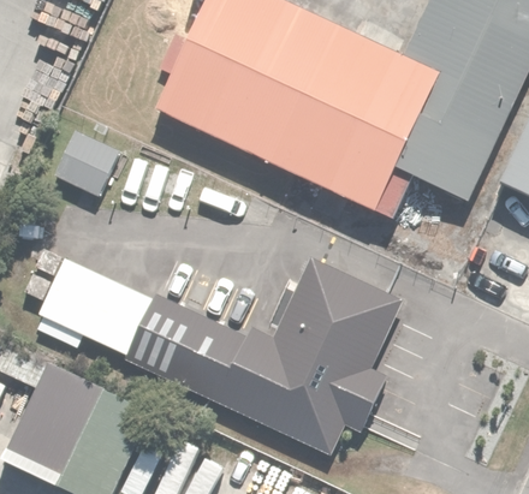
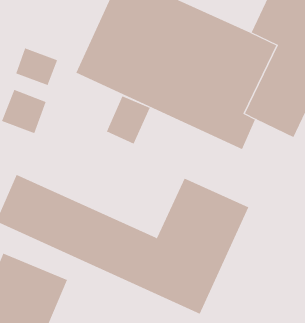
building: none -> [16,48,58,86]
building: none -> [106,95,151,145]

